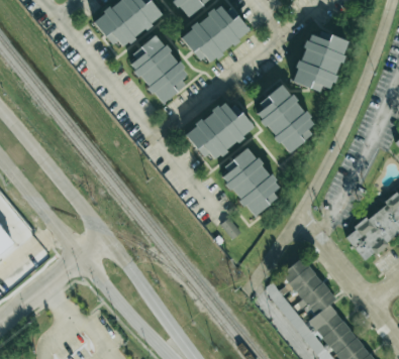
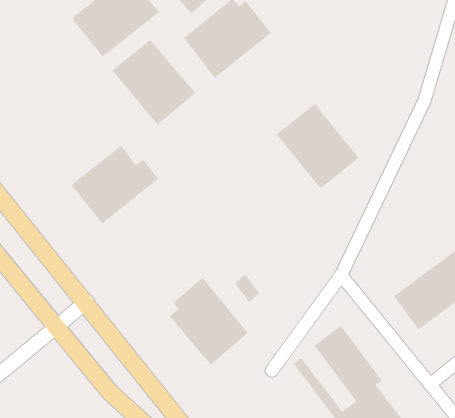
building: [293,34,348,92] -> none
building: [186,102,255,163] -> [71,145,159,224]
building: [221,147,283,216] -> [169,277,248,366]

